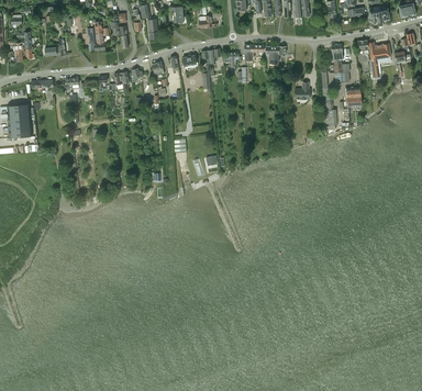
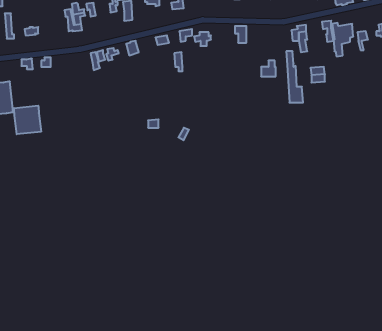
building: none -> [14,106,41,134]

